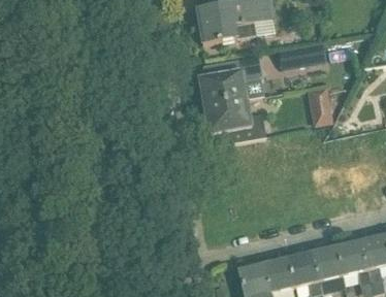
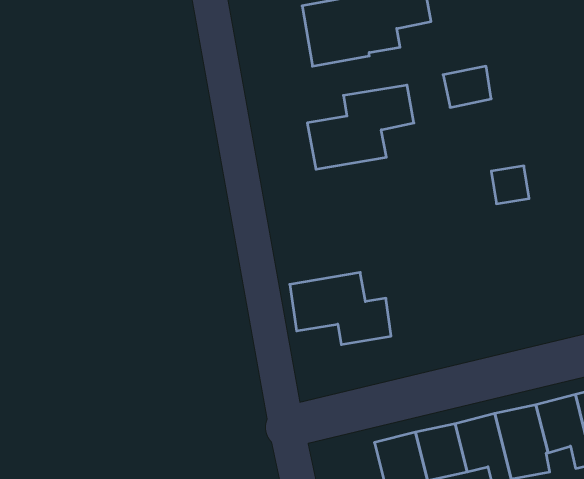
building: [204,97,265,140] -> [290,272,391,345]

